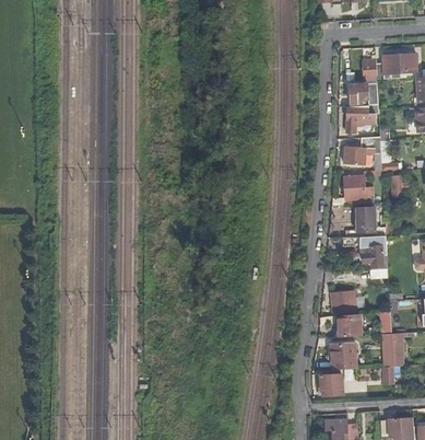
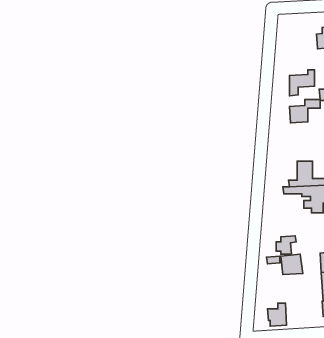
building: [349,82,378,103] -> none
building: [341,170,364,205] -> none
building: [331,344,356,369] -> none

